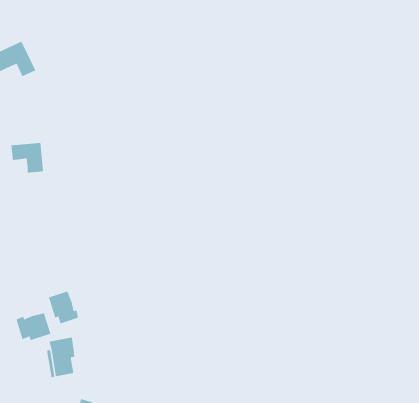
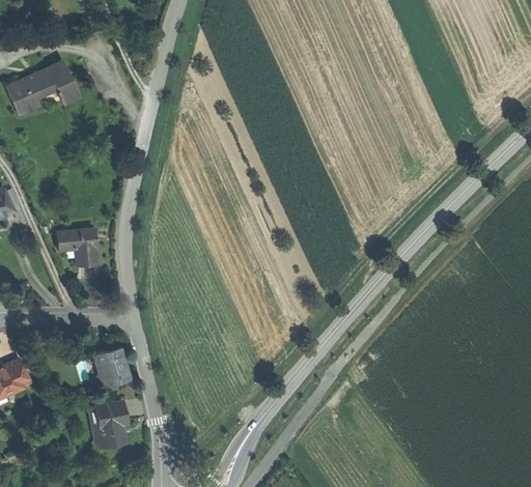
building: [10,142,44,173] -> [58,229,96,264]
building: [16,312,51,341] -> none

